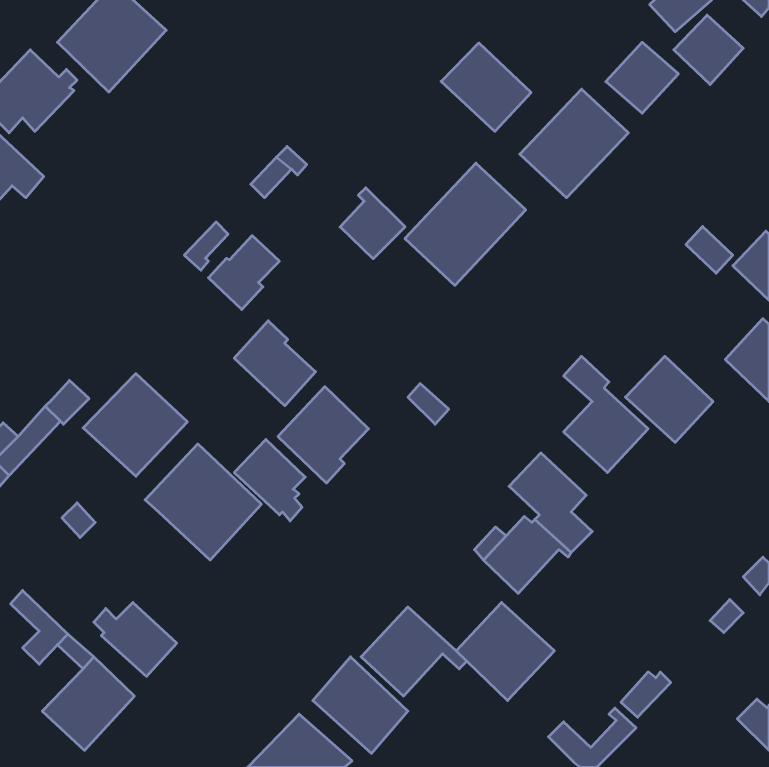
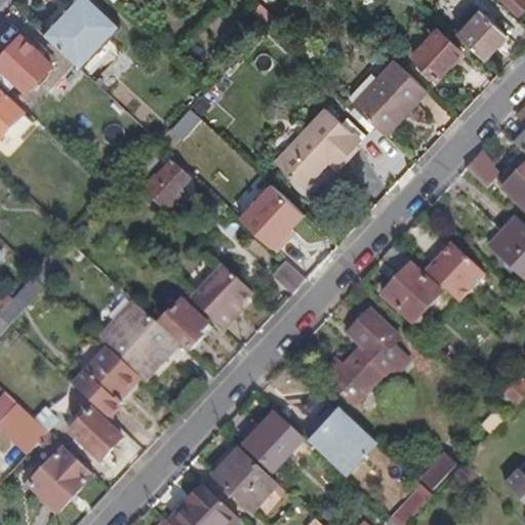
building: [441,43,531,131] -> none
building: [340,188,405,259] -> [255,196,299,244]
building: [234,321,316,406] -> none
building: [83,374,187,476] -> [72,348,143,417]

